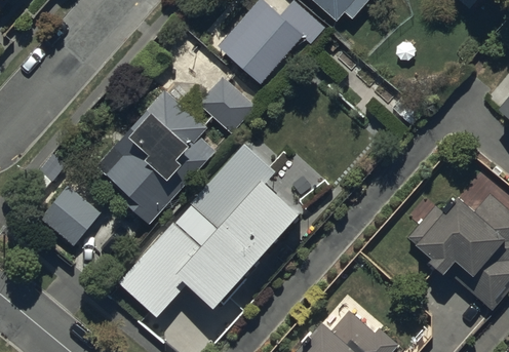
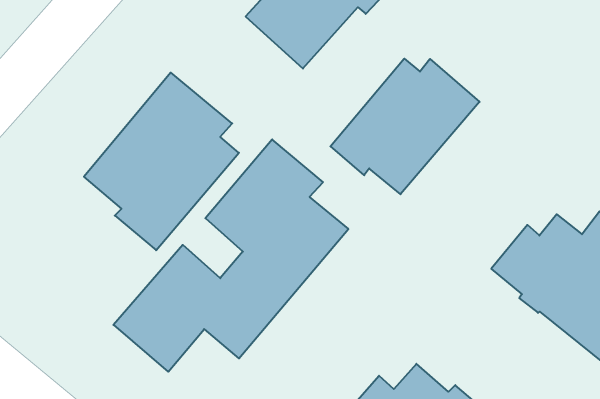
building: none -> [330,59,480,194]
building: [201,79,257,133] -> none
building: [42,185,101,243] -> none

